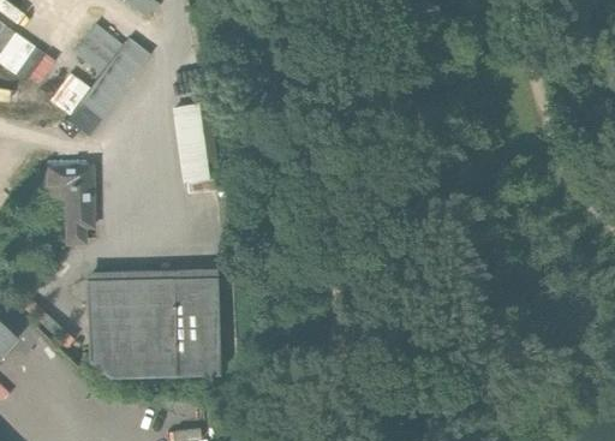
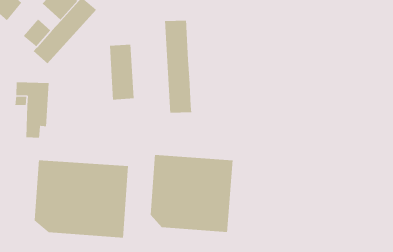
building: none -> [164,20,192,114]
building: none -> [150,154,233,233]

